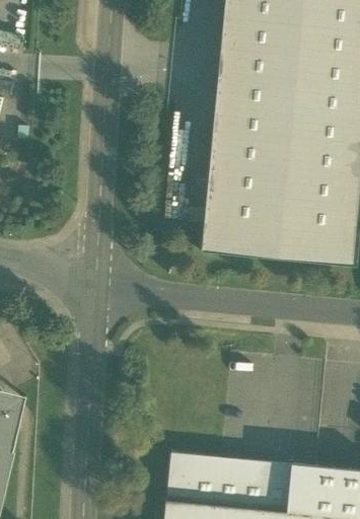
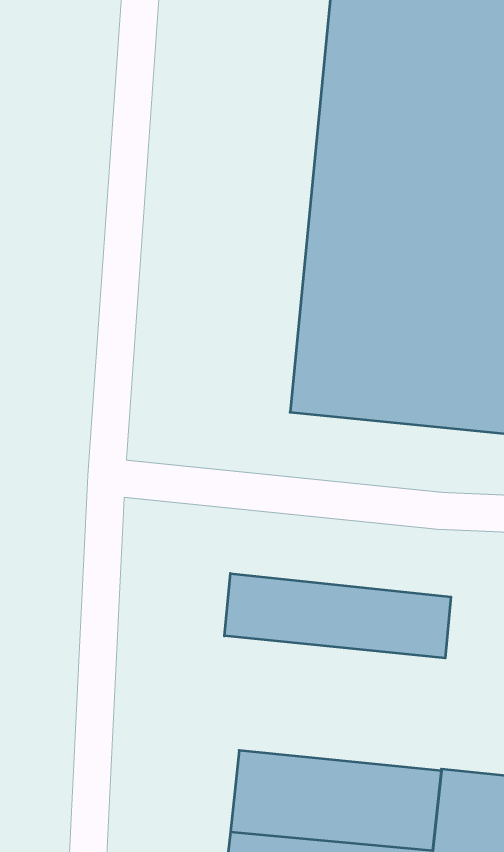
building: none -> [224,573,451,658]

